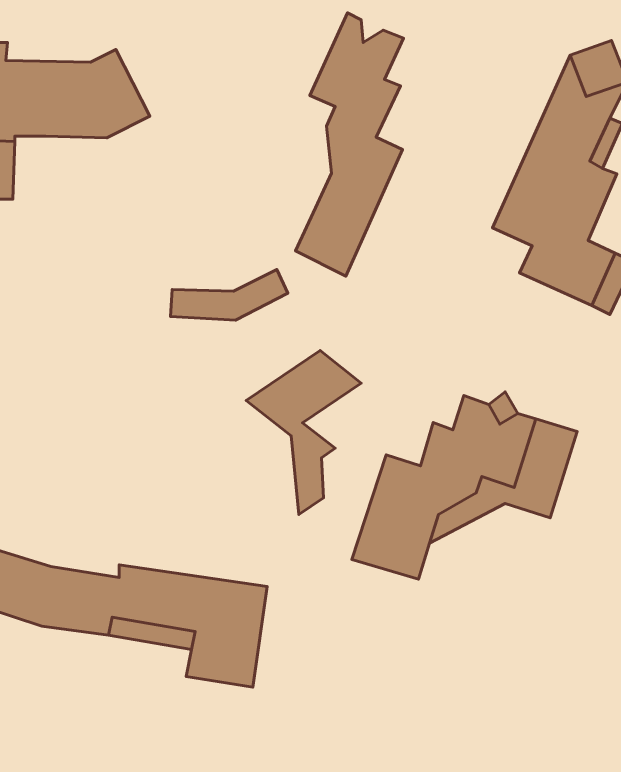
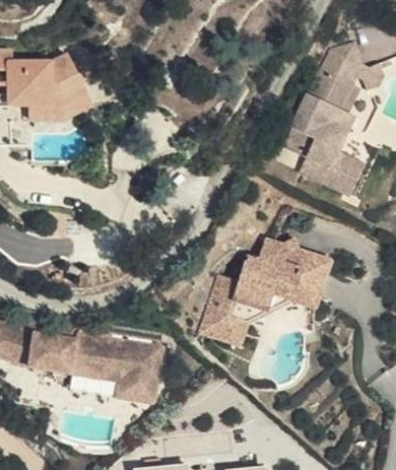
building: [295,13,403,276] -> none
building: [171,270,288,320] -> [32,81,98,110]
building: [246,350,361,514] -> none

